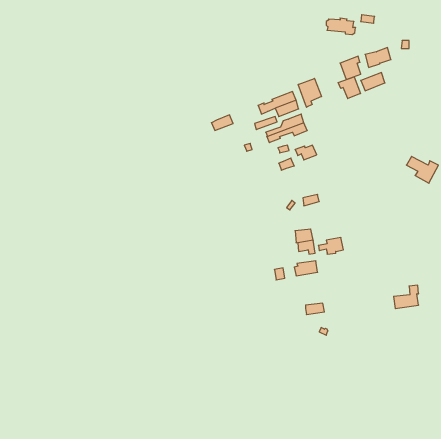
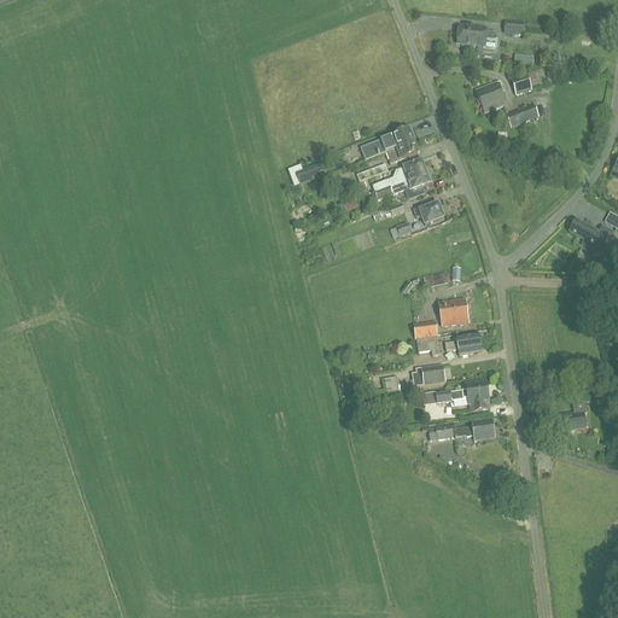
building: [338,77,360,99] -> none
building: [298,78,321,107] -> none
building: none -> [438,298,467,325]
building: none -> [436,380,489,409]
building: none -> [453,418,494,439]

